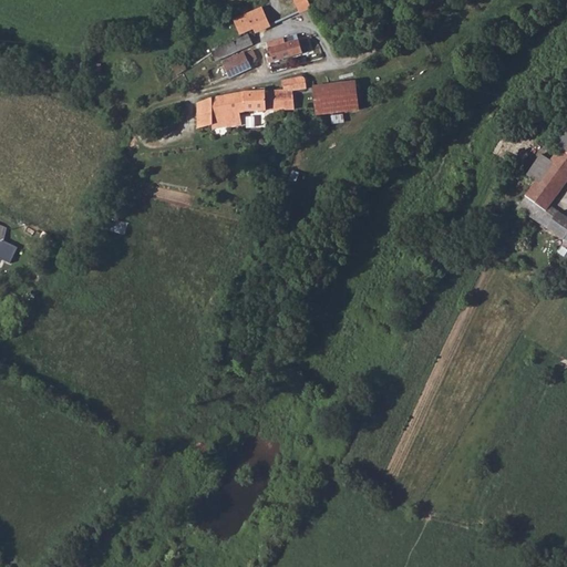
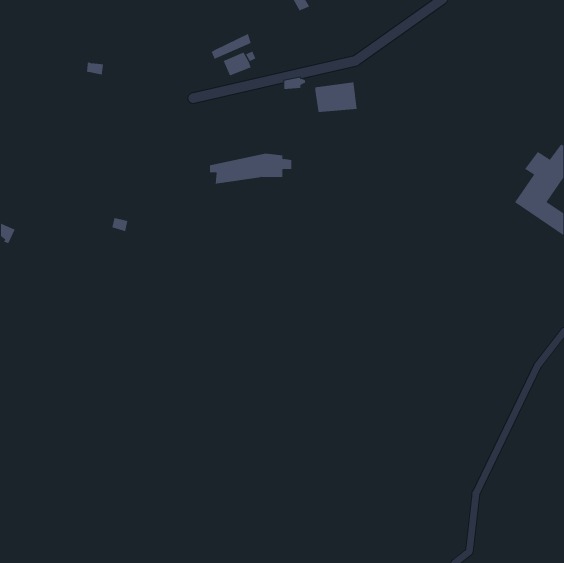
building: [234,7,270,33] -> none
building: [267,38,303,62] -> none
building: [207,86,290,117] -> [209,153,292,184]

